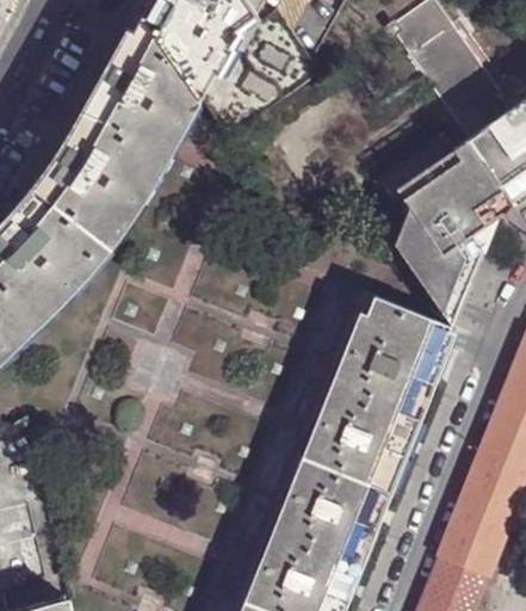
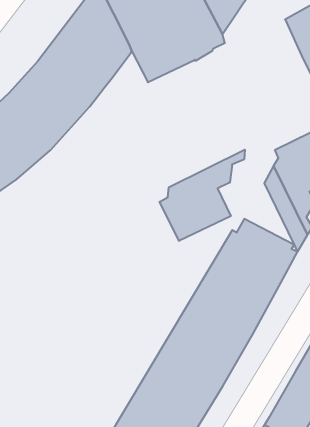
building: none -> [160,150,245,241]

